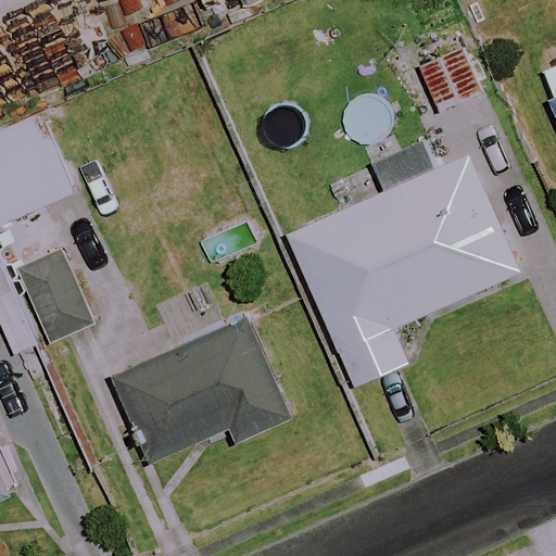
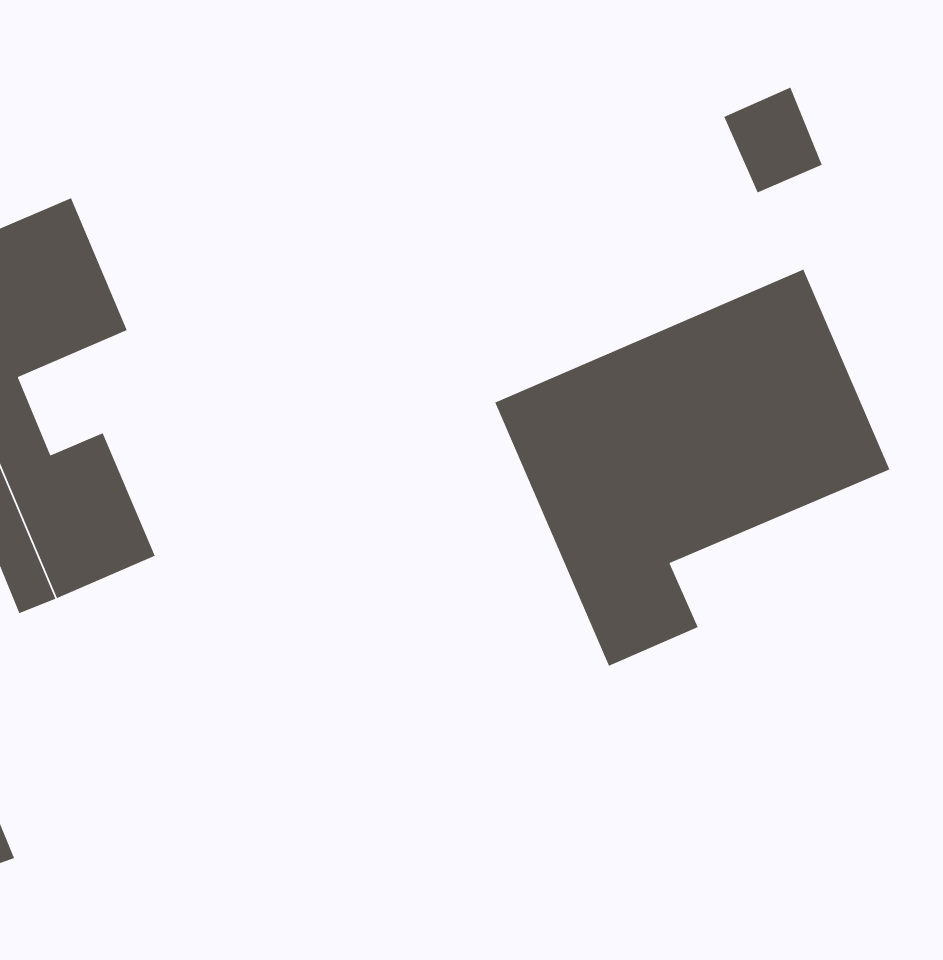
building: [115,320,290,458] -> none

